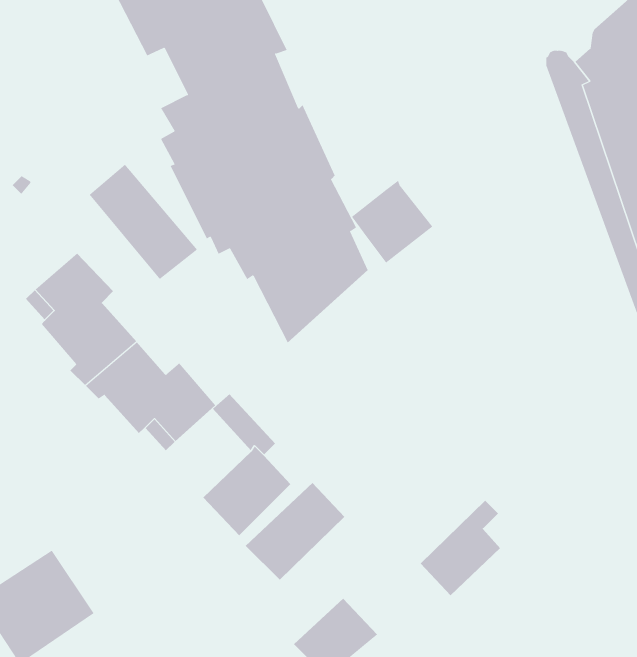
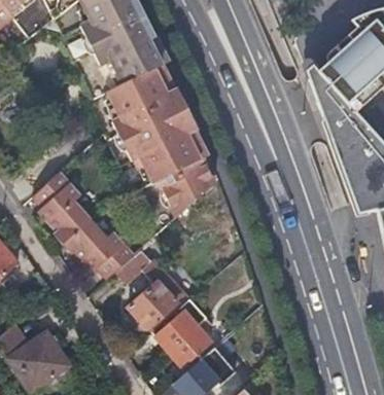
building: [89,164,198,280] -> none
building: [351,180,433,264] -> none
building: [420,500,501,596] -> [168,313,211,364]

